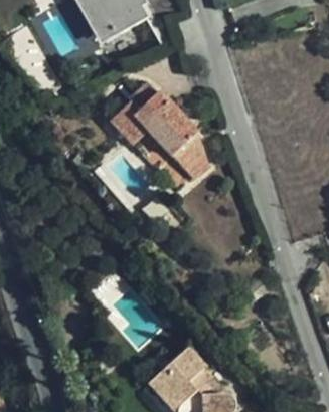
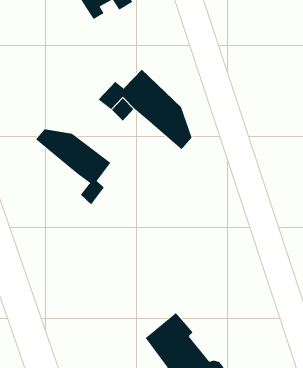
building: none -> [35,129,111,205]

